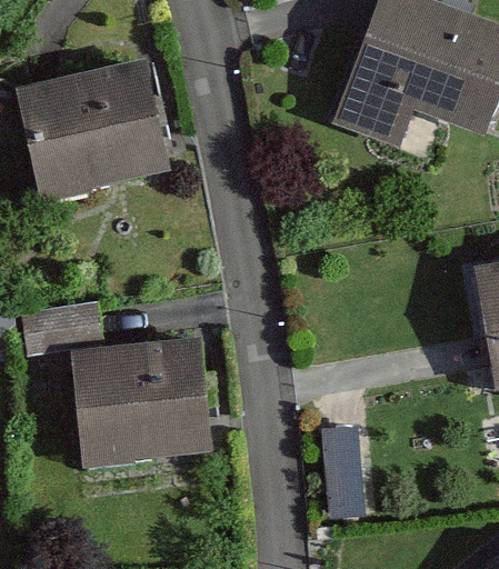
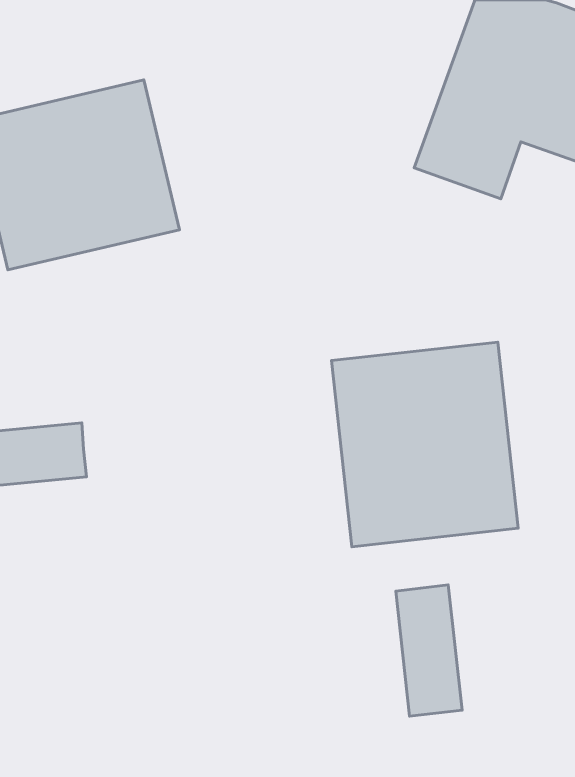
building: none -> [331,342,518,547]
building: [73,342,201,460] -> none

